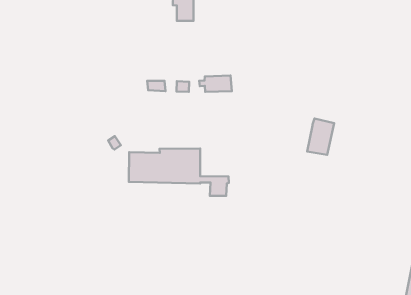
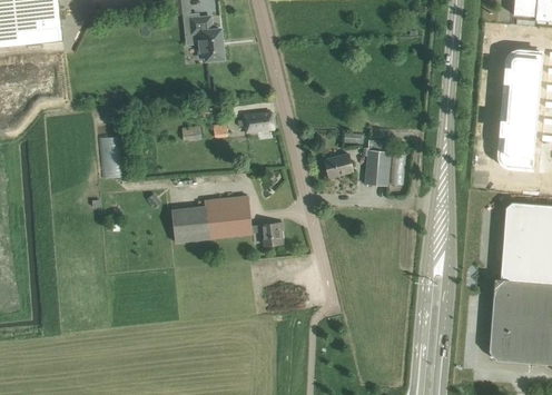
building: none -> [99,136,121,177]
building: none -> [324,154,353,177]

